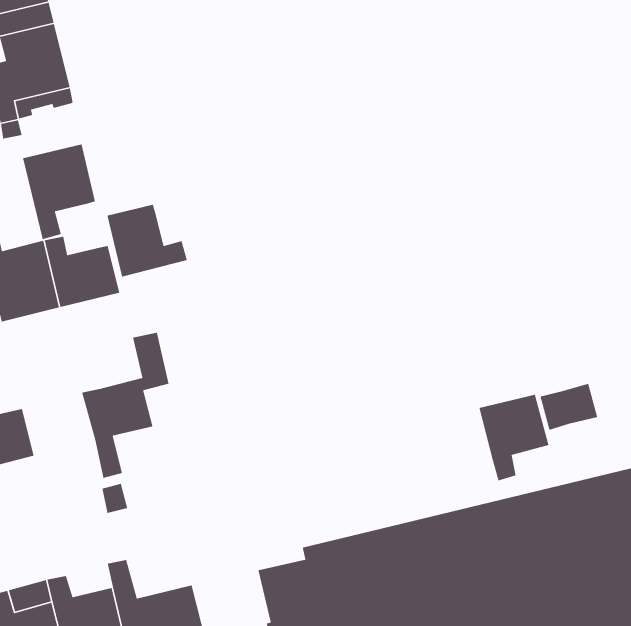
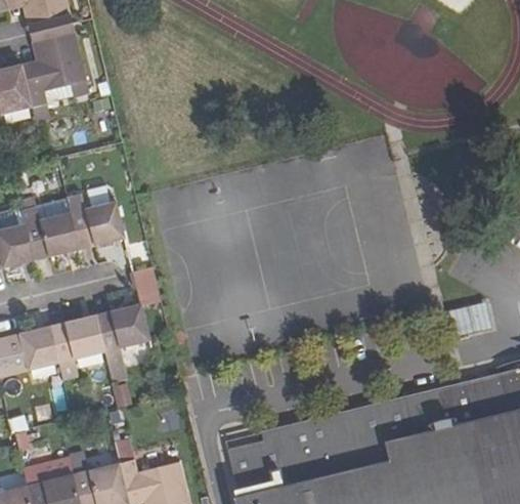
building: [22,143,96,240] -> none
building: [106,204,188,277] -> none
building: none -> [49,313,104,380]
building: [479,394,549,482] -> none

